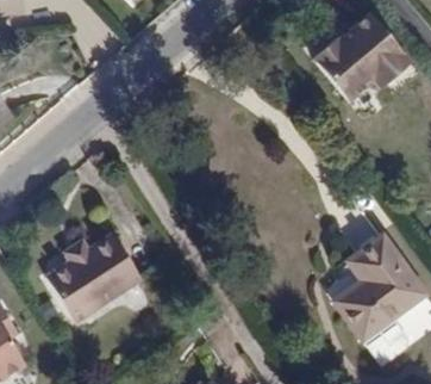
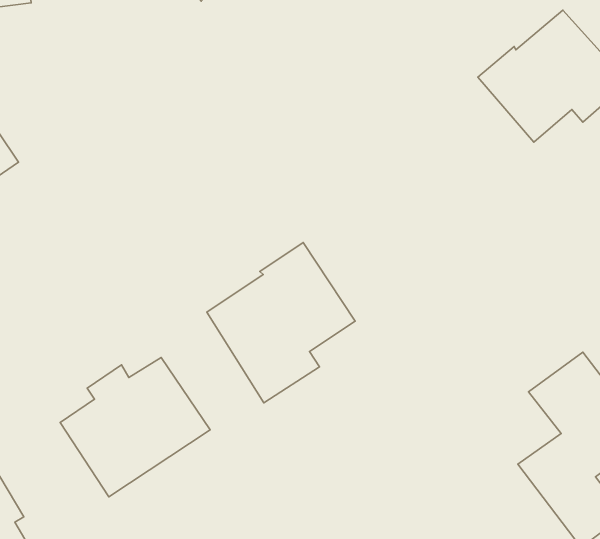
building: none -> [207,242,355,403]

